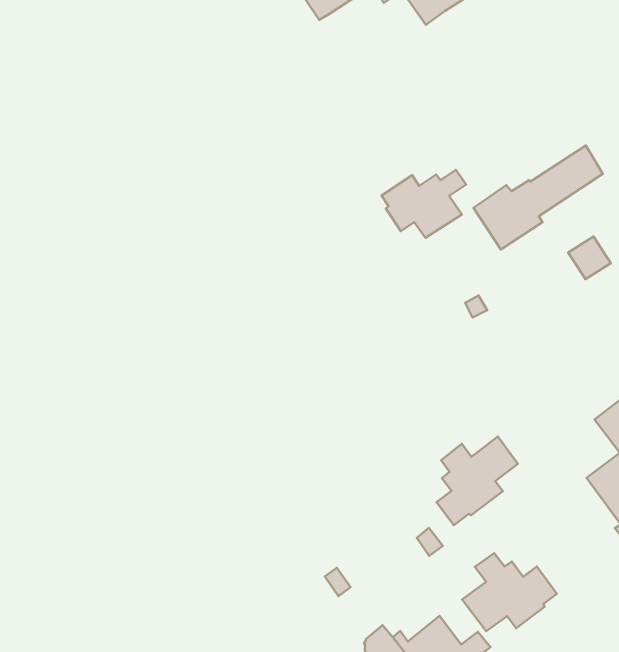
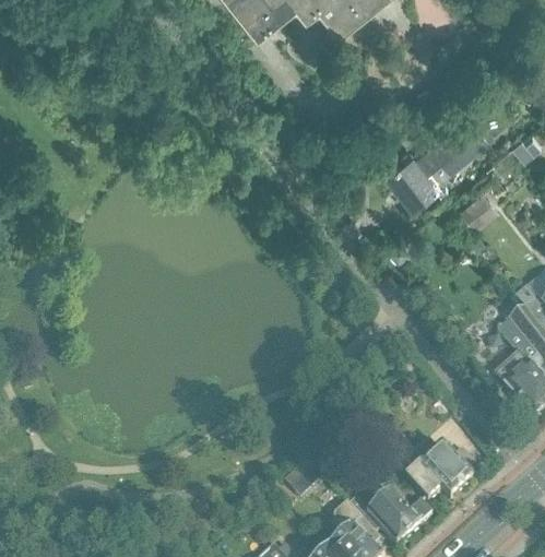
building: [381,170,466,238] -> none
building: [436,437,518,525] -> none

